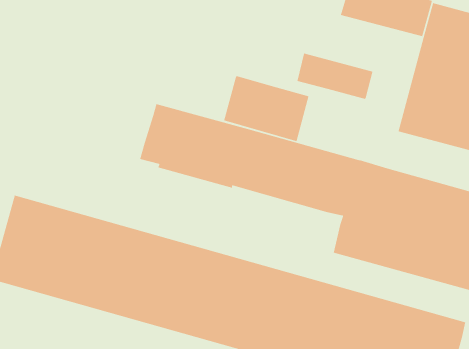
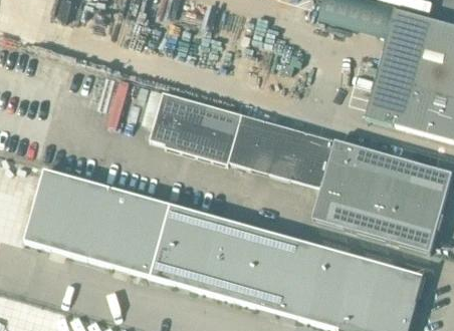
building: [297,53,373,100] -> none
building: [223,75,309,142] -> none

